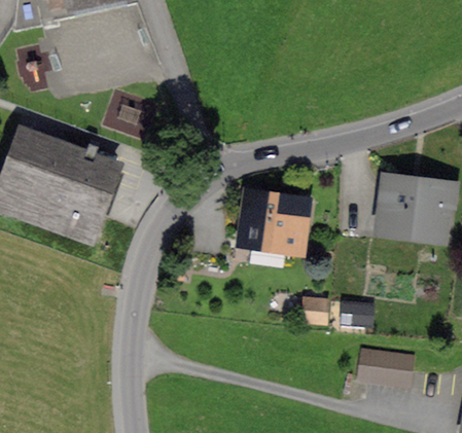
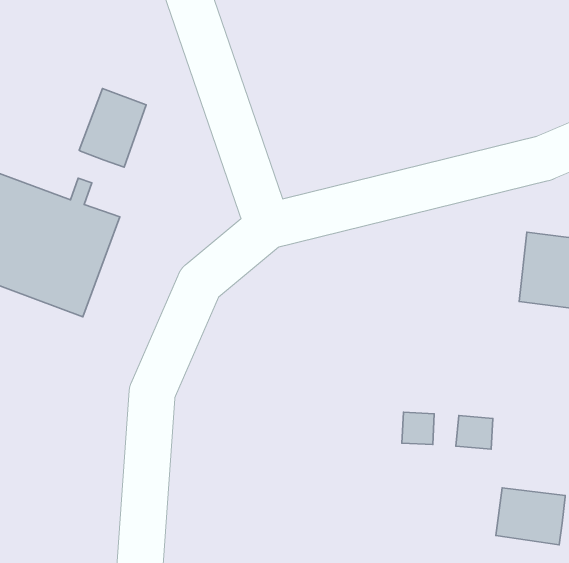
building: none -> [79,89,146,167]
building: [240,195,310,251] -> none

